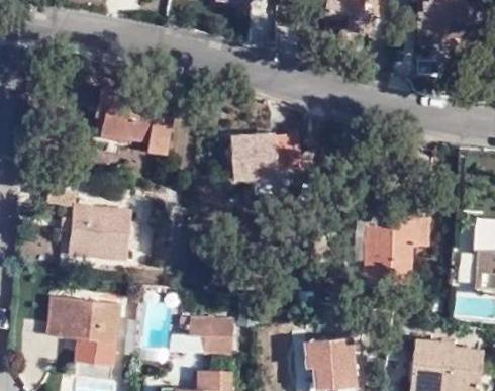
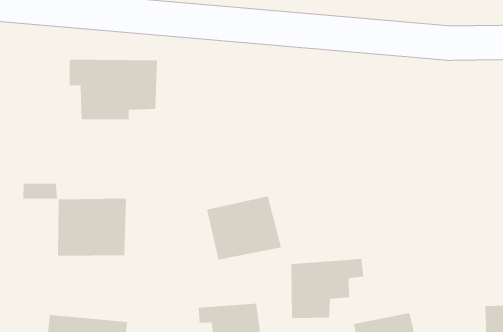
building: [237,138,296,186] -> [206,196,282,260]
building: [367,207,430,275] -> none
building: none -> [291,258,364,319]

